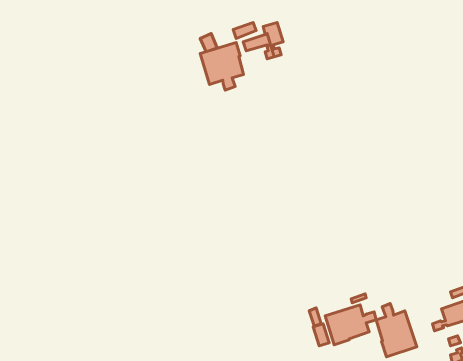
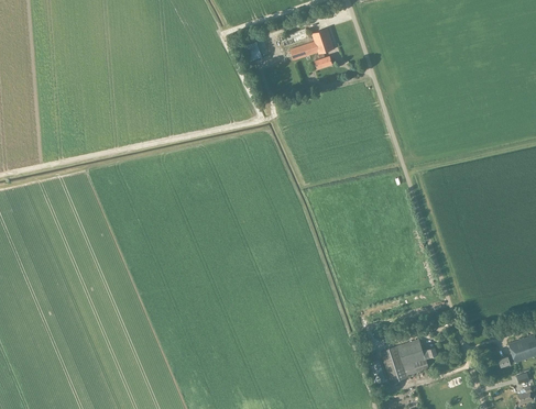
building: [200,42,244,90] -> none
building: [376,304,417,357] -> none

